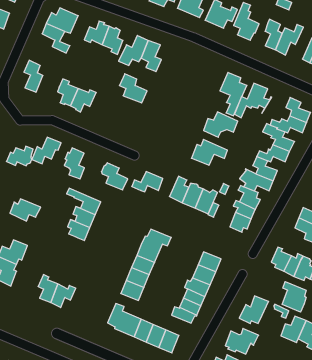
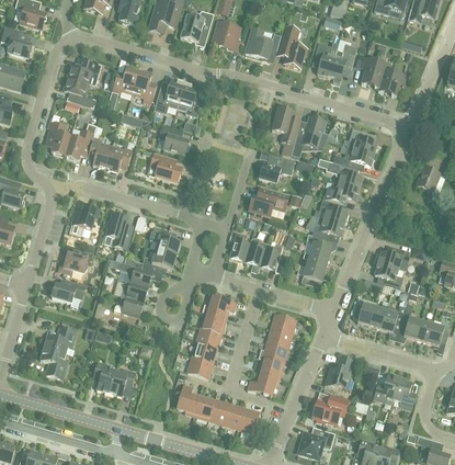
building: none -> [65,129,94,160]
building: none -> [149,151,182,182]
building: [6,146,33,166] -> [59,250,88,273]
building: [132,172,163,192] -> [141,249,175,272]
building: [282,282,306,312] -> none

